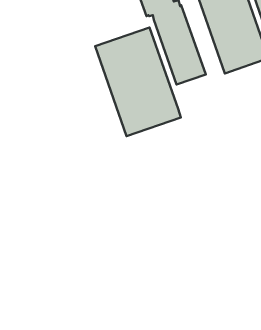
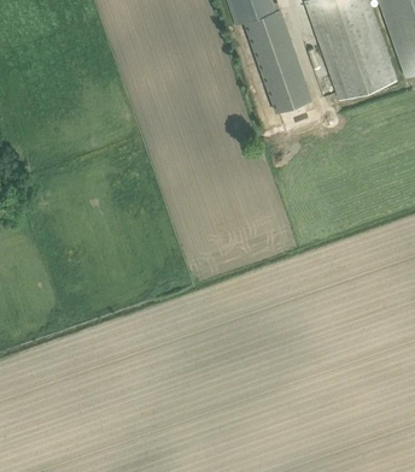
building: [95,27,181,136] -> none

